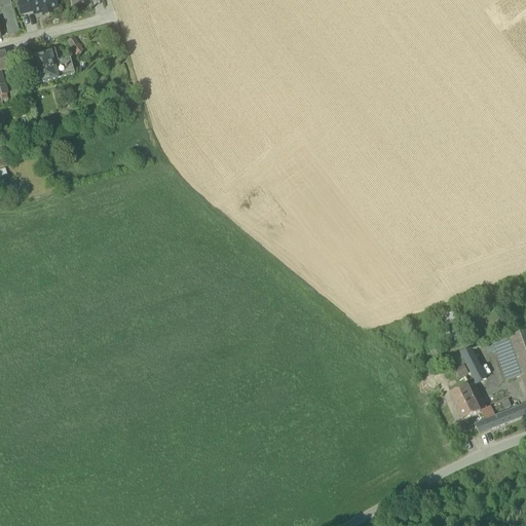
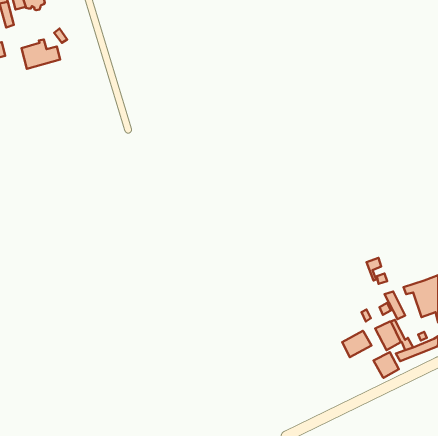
building: none -> [342,331,372,357]
building: none -> [374,352,399,378]

